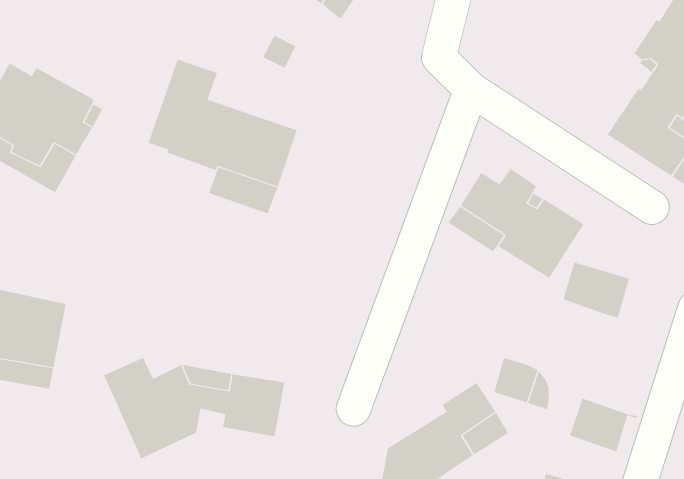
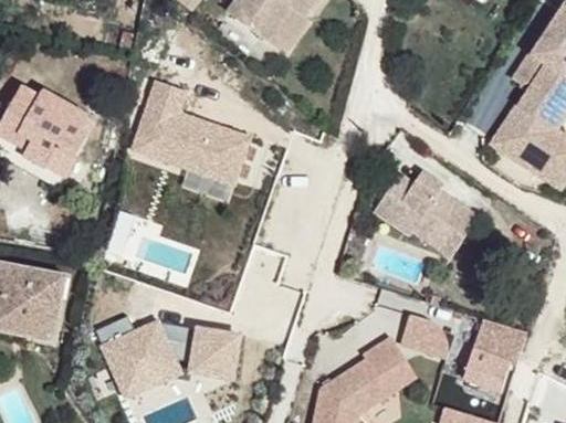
building: [563,262,630,318] -> [474,318,527,362]

